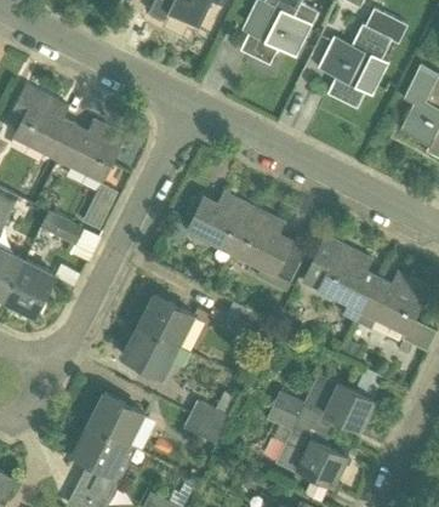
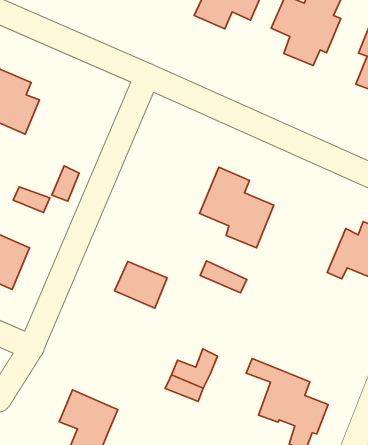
building: [58,120,124,181] -> none
building: [171,192,253,252] -> none
building: [303,237,378,321] -> none
building: [122,325,178,377] -> none
building: [274,369,384,432] -> none
building: [89,393,143,444] -> none

